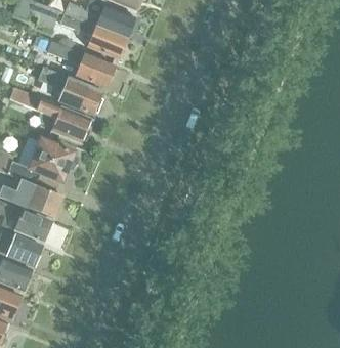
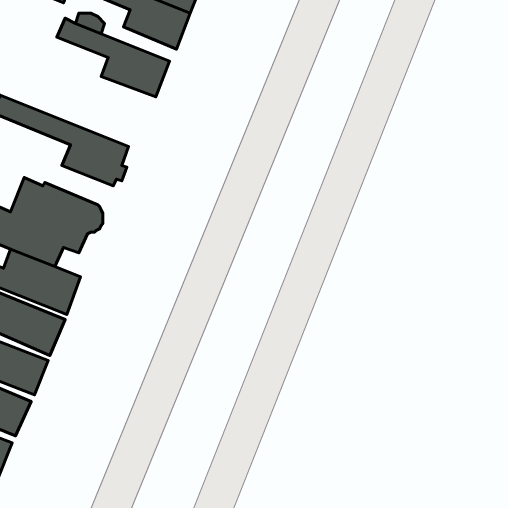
building: [38,68,102,115] -> none

